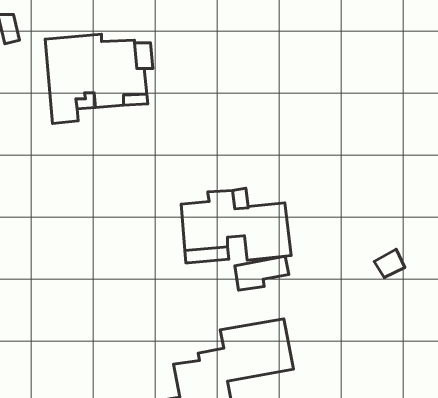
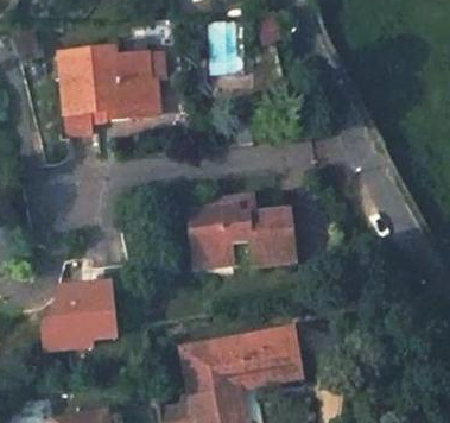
building: [235,256,289,290] -> [180,334,233,367]
building: none -> [37,277,115,356]

